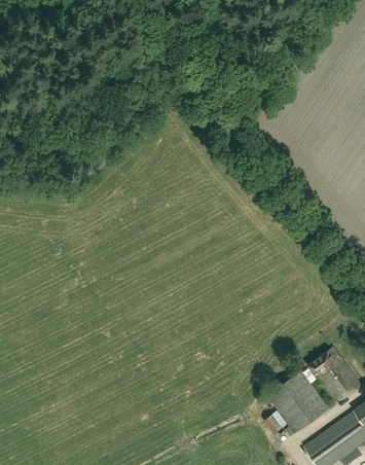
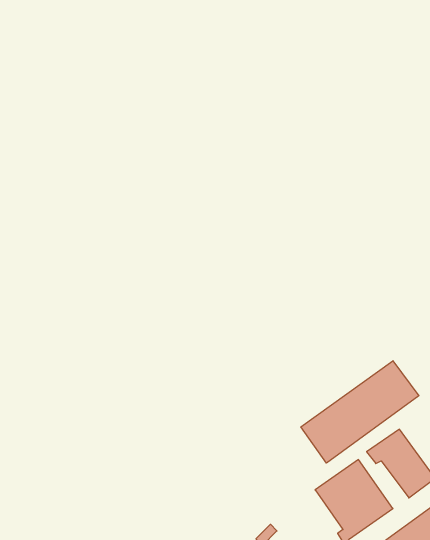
building: none -> [301,361,419,463]

